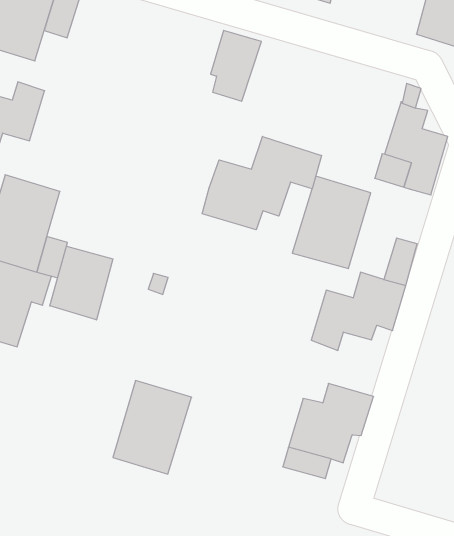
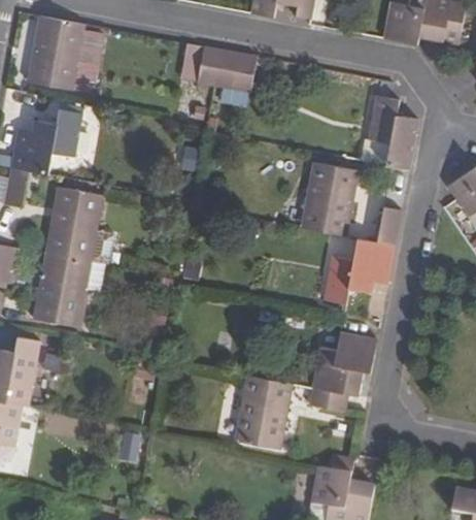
building: none -> [179,42,225,87]
building: [202,136,322,230] -> none
building: [50,246,113,320] -> none
building: [113,381,192,474] -> [233,375,293,449]

